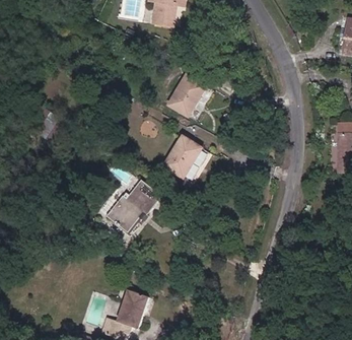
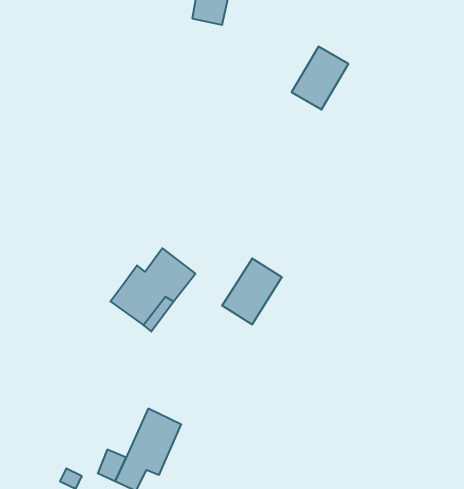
building: [163,73,200,114] -> [292,47,348,110]
building: [160,134,199,177] -> [222,258,282,324]

